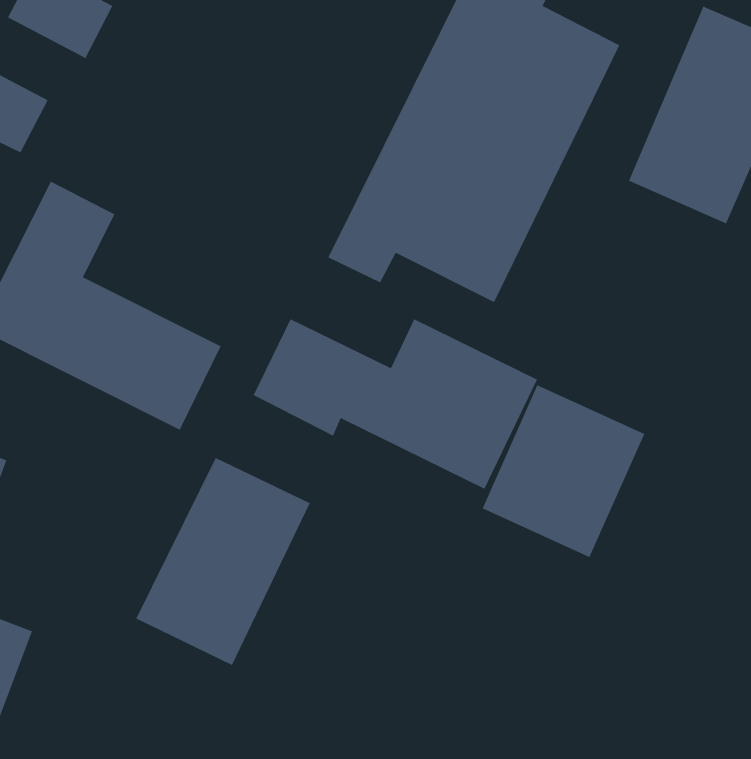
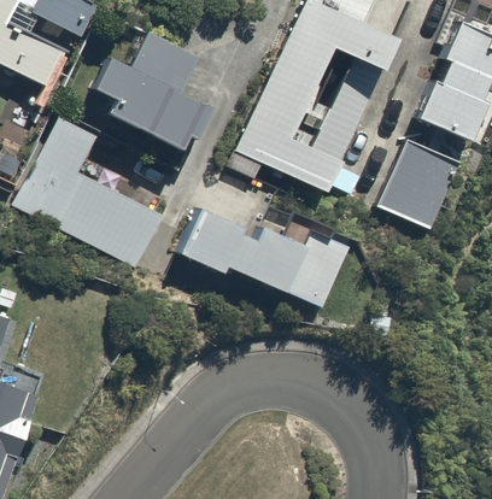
building: none -> [89,41,210,160]
building: [482,385,645,558] -> [375,125,475,231]
building: [136,457,311,666] -> none

